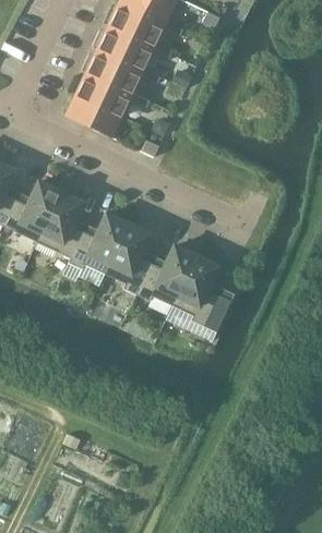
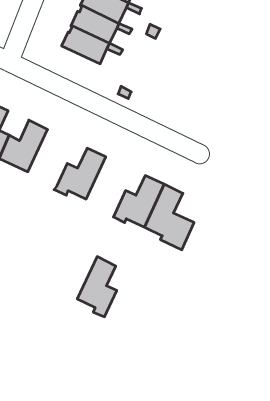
building: [67,94,121,135] -> none
building: [37,191,83,256] -> none
building: [105,222,151,292] -> [77,257,117,317]

